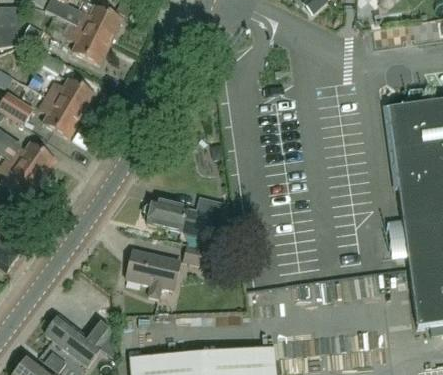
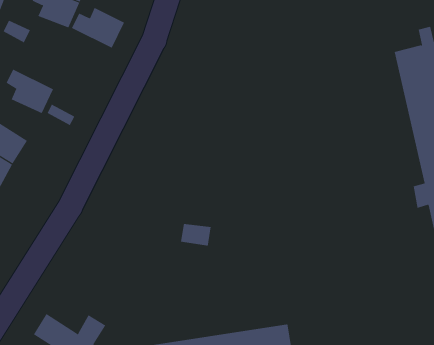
building: [46,78,94,116] -> [71,7,125,48]
building: [143,197,228,241] -> none
building: [124,249,179,298] -> none

